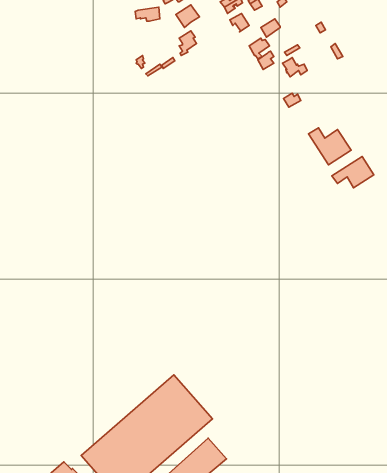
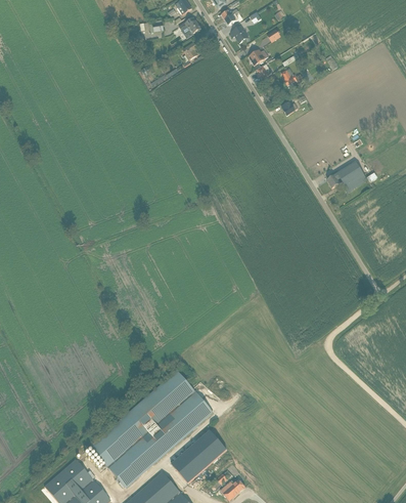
building: [309,128,351,165] -> none

